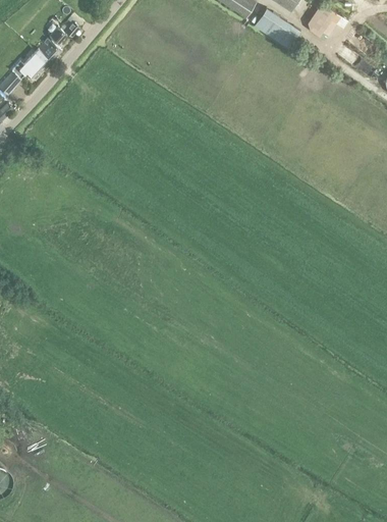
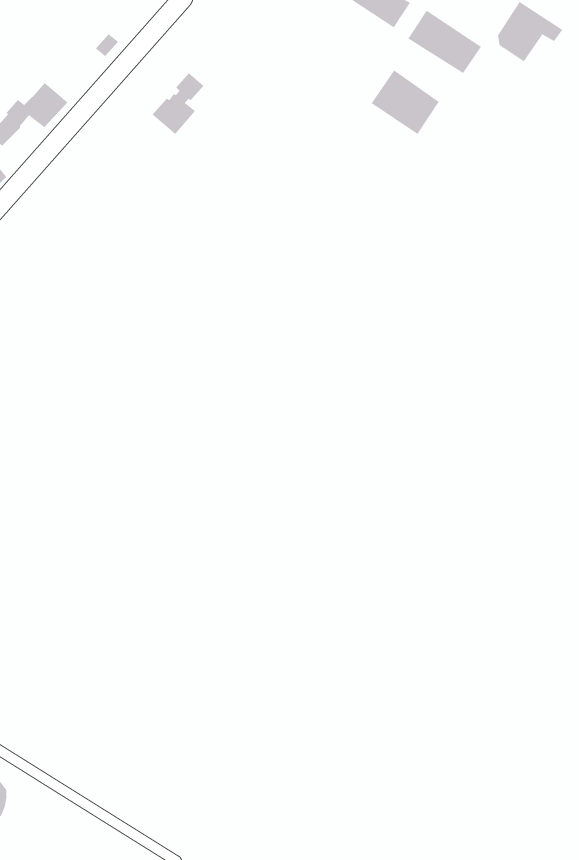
building: [34,25,65,63] -> [152,72,204,135]
building: none -> [371,69,439,135]

